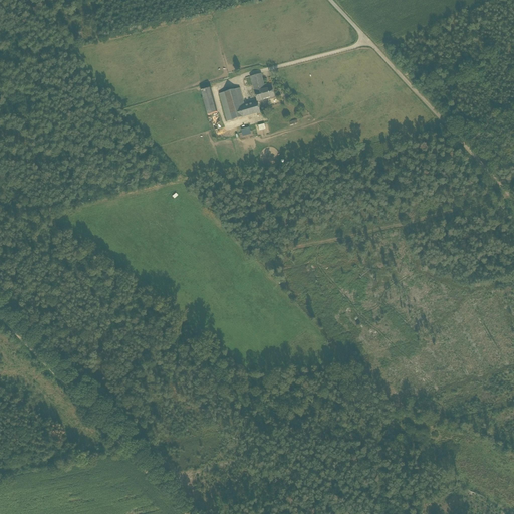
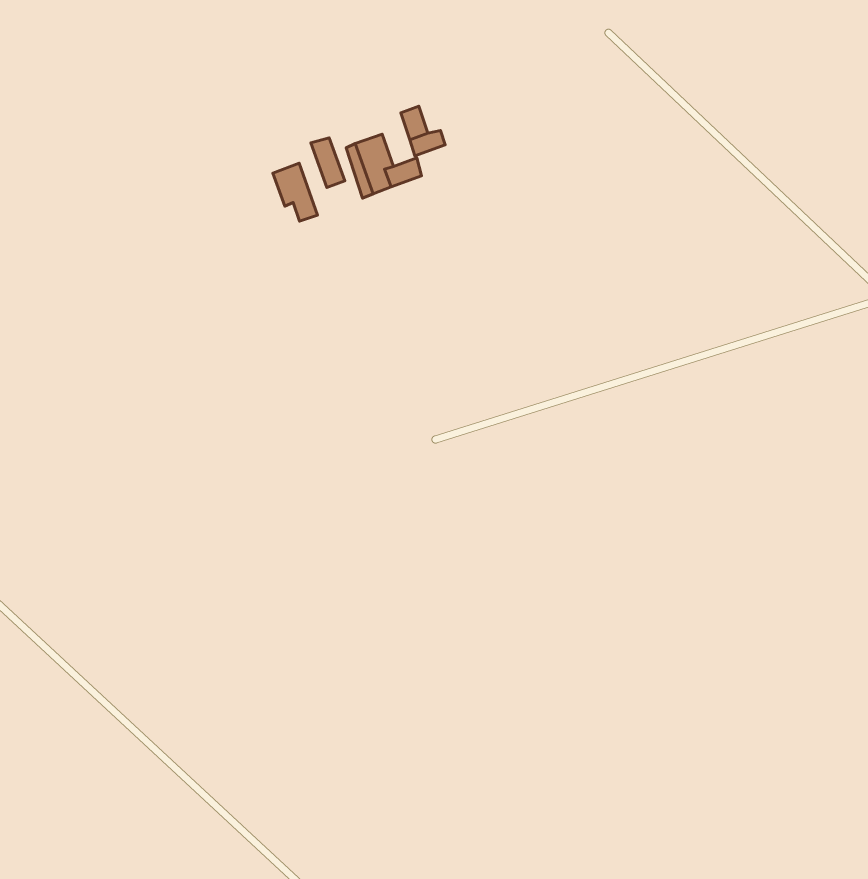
building: none -> [273,163,317,221]

